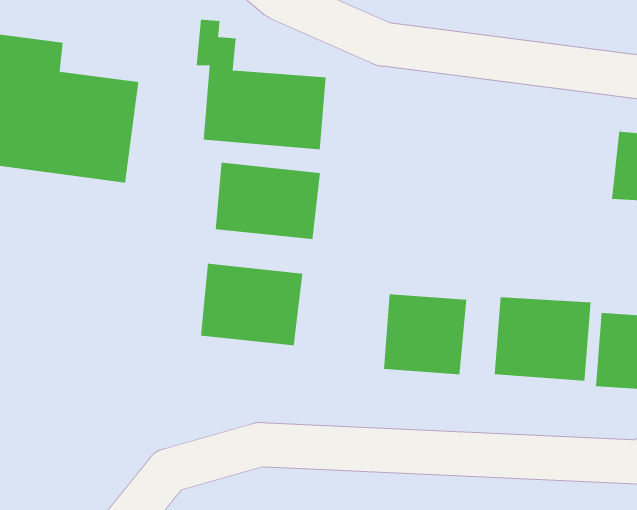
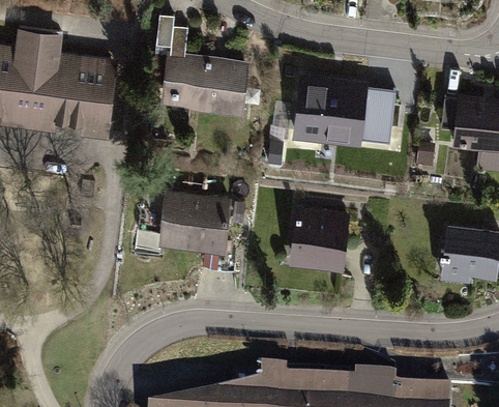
building: none -> [289,74,391,147]
building: [215,162,320,240] -> none
building: [494,297,591,382] -> none

